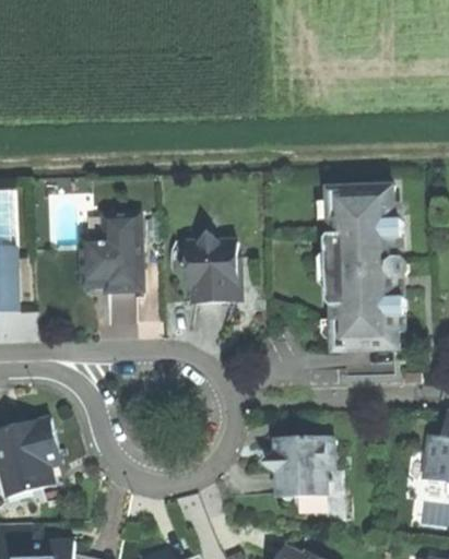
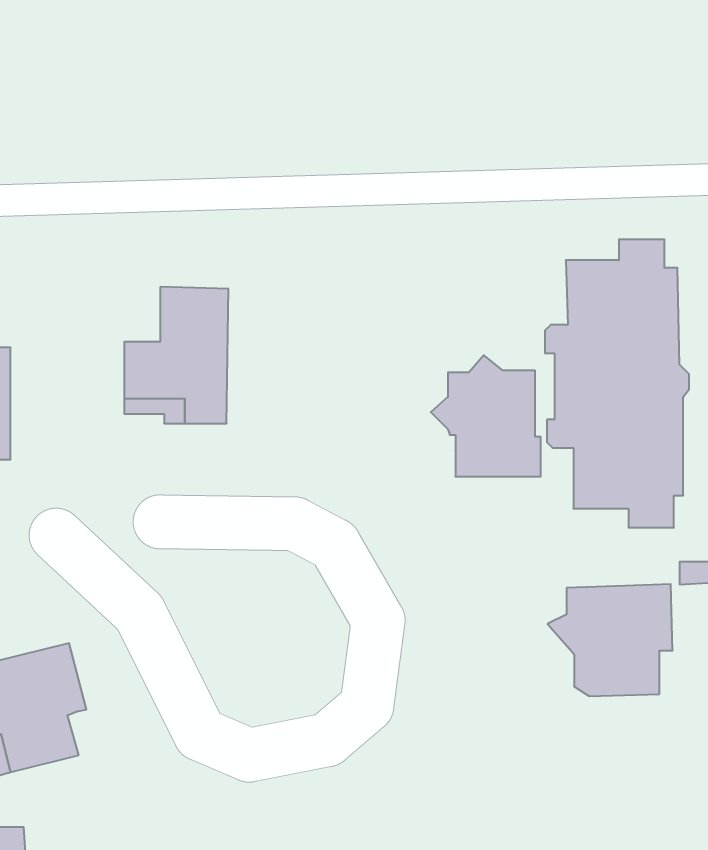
building: [177,233,240,302] -> [431,355,541,477]
building: [260,431,332,496] -> [548,584,673,696]

